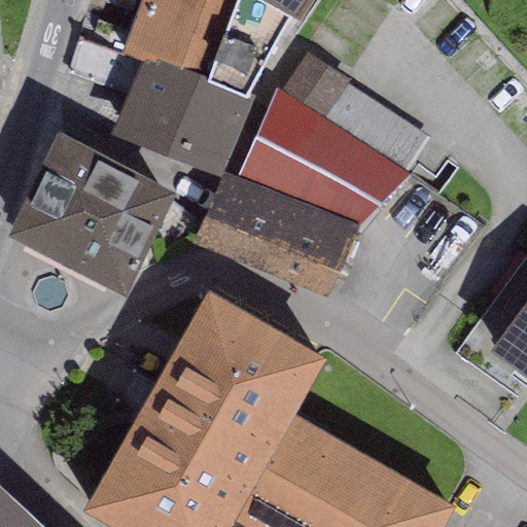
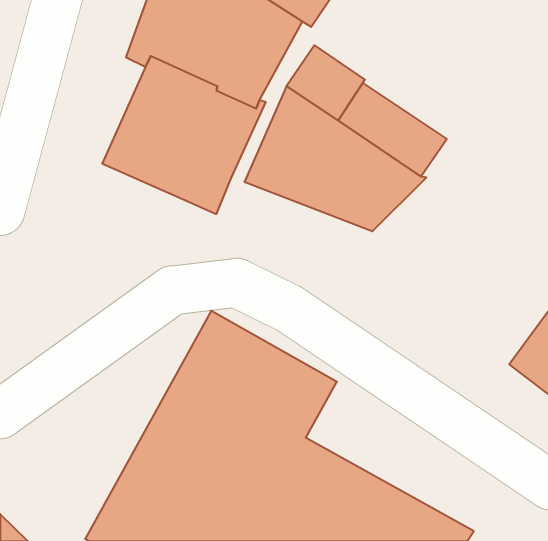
building: [7,137,179,302] -> none
building: [194,170,358,296] -> none

